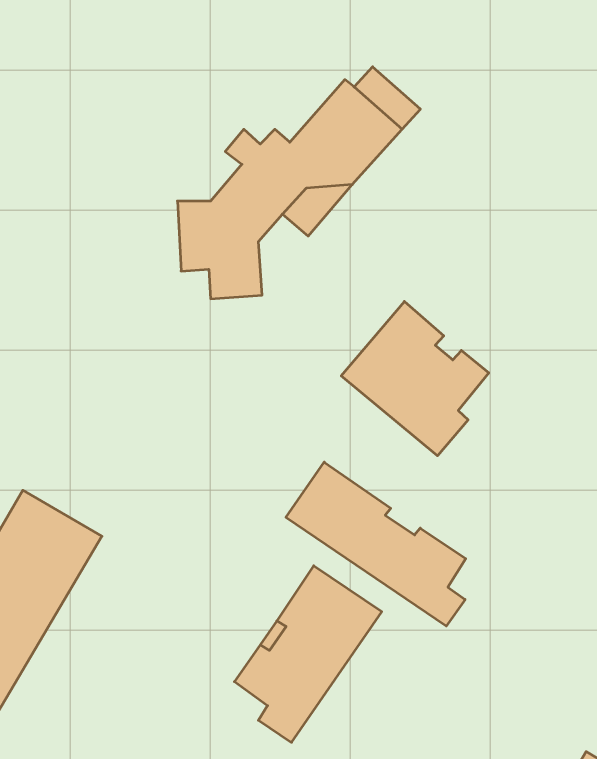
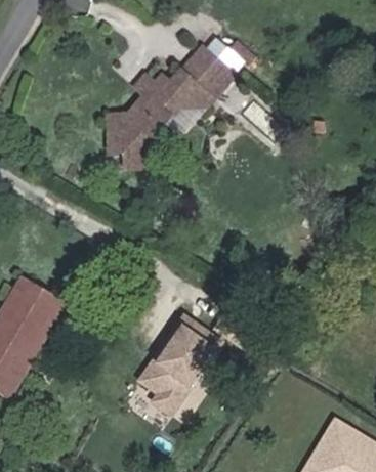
building: [341,301,489,456] -> none
building: [286,462,466,626] -> none

